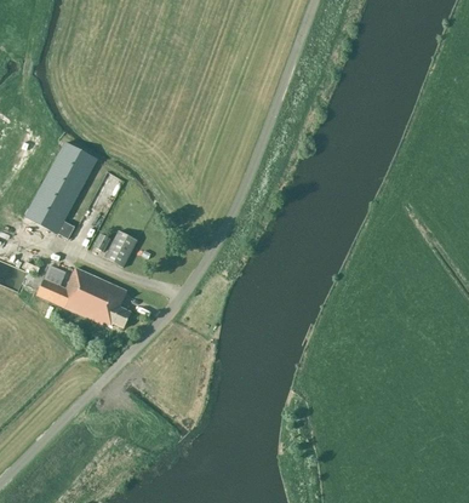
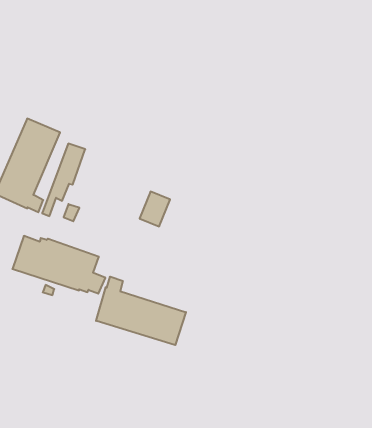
building: [104,230,137,267] -> [140,192,170,226]
building: none -> [96,277,186,345]

